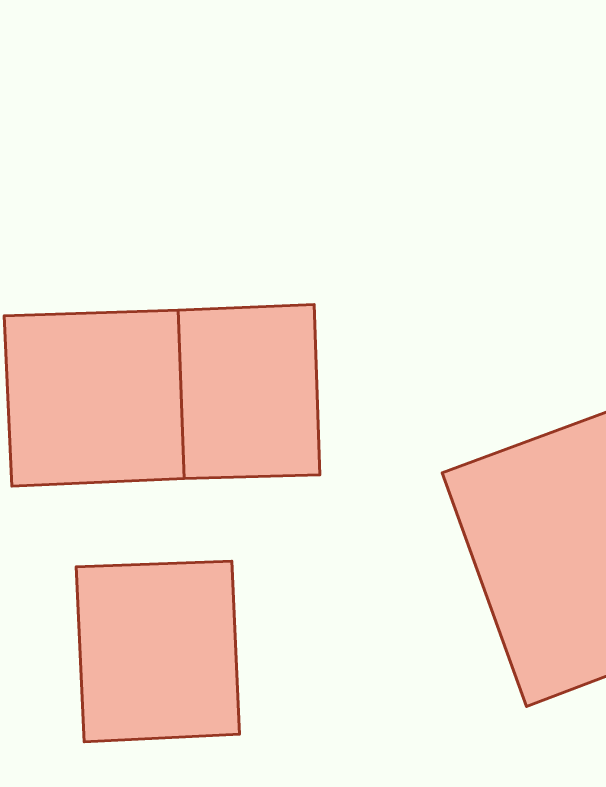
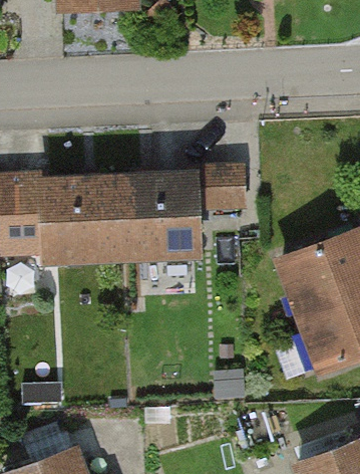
building: [76,561,239,742] -> none

